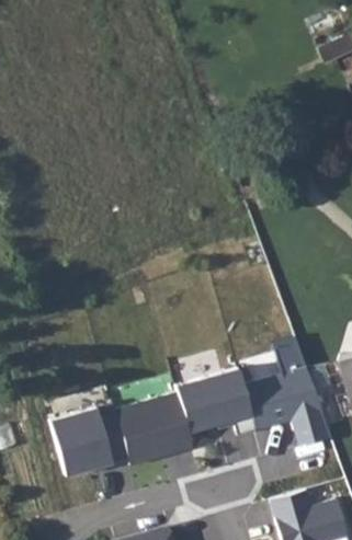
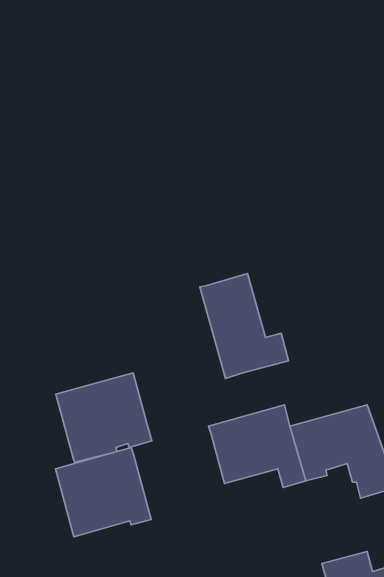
building: none -> [200,273,289,378]
building: [115,392,194,466] -> [56,373,152,462]

